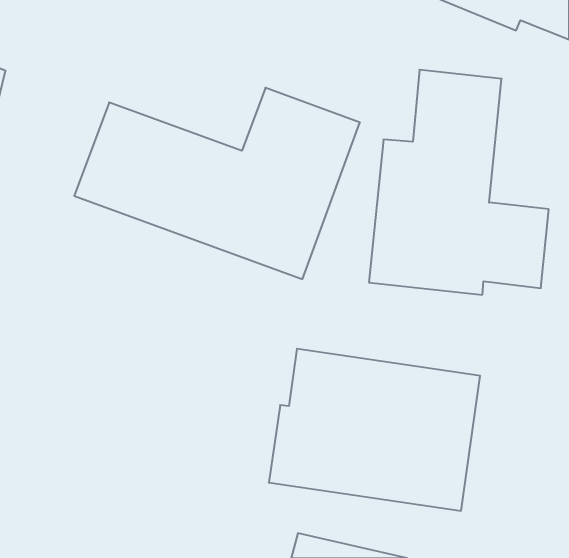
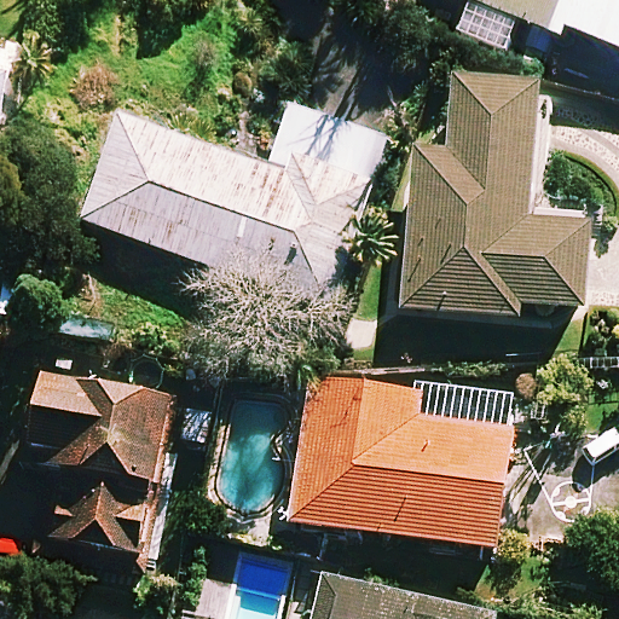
building: none -> [22,374,170,555]

